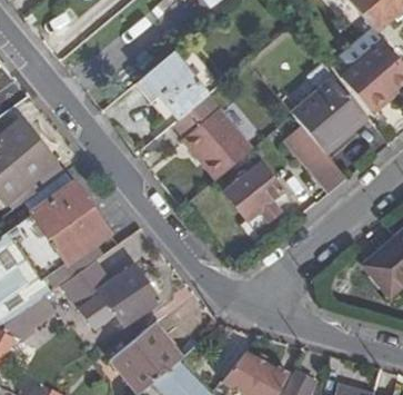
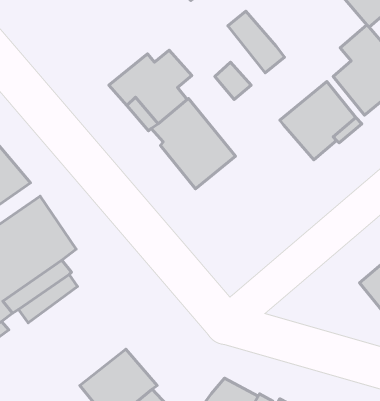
building: [281,119,333,176] -> [228,11,284,73]
building: [225,161,284,220] -> none
building: [79,266,160,329] -> none

